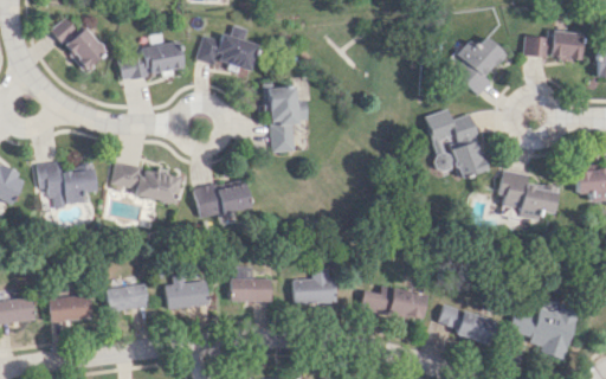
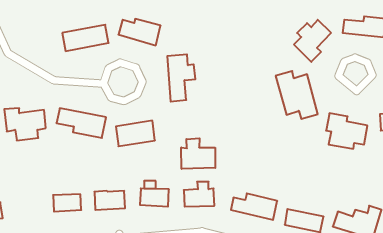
building: [53,18,108,70] -> none
building: none -> [181,138,215,169]
building: [49,295,90,321] -> none

